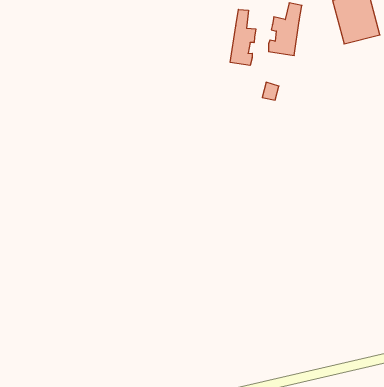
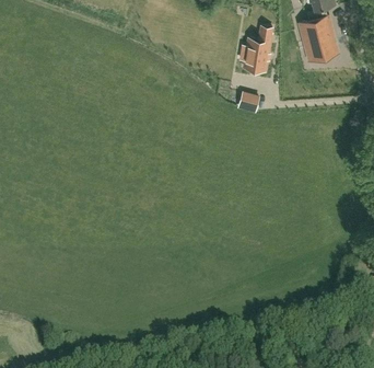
building: [230,9,256,65] -> none

